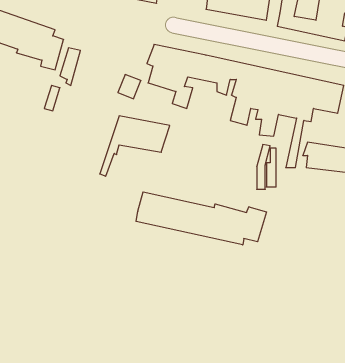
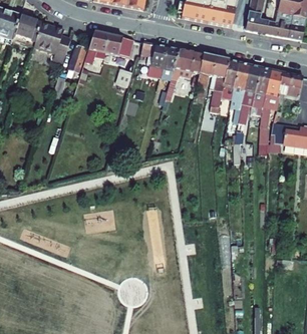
building: [100,116,170,176] -> [78,32,136,82]
building: [136,192,267,245] -> none

